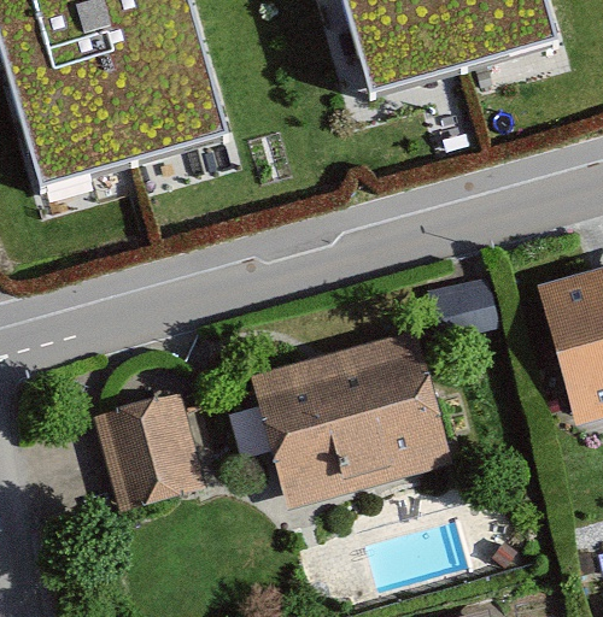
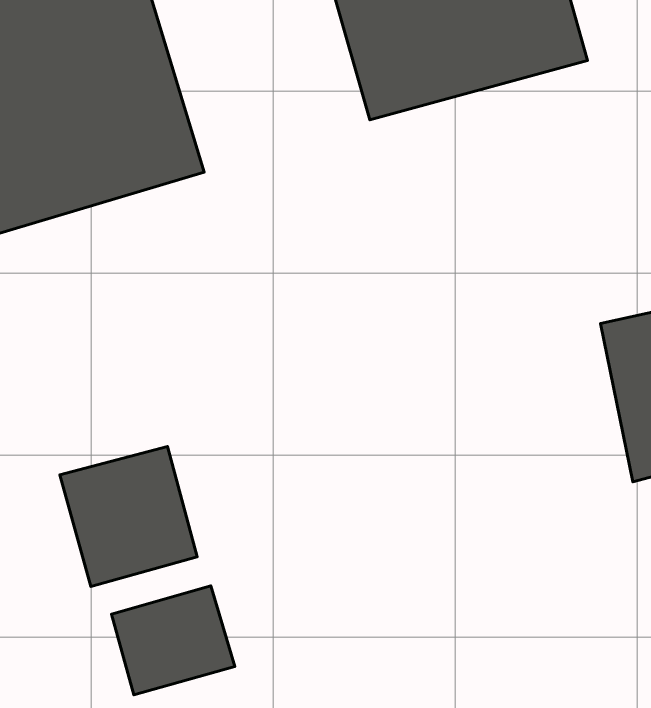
building: [264,327,464,487] -> none
building: none -> [112,586,235,695]

